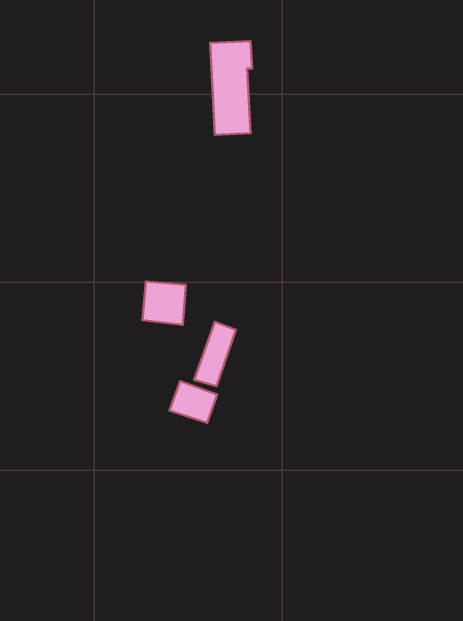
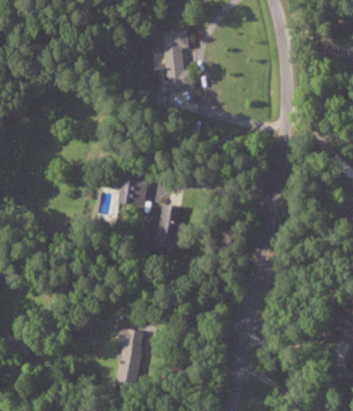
building: [169,381,217,423] -> none
building: none -> [118,326,147,378]

